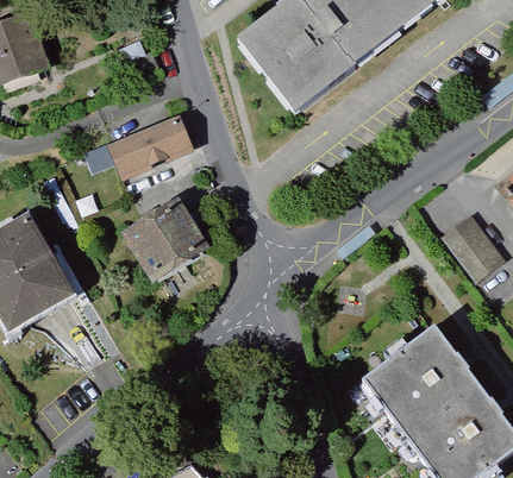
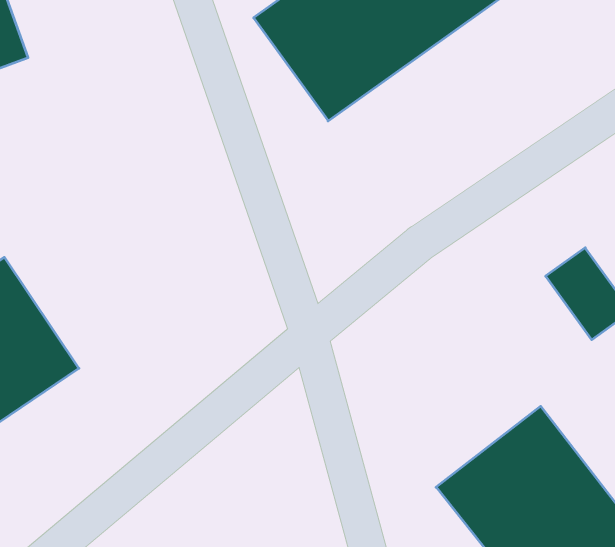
building: [106,112,193,175] -> none
building: [124,193,214,282] -> none

